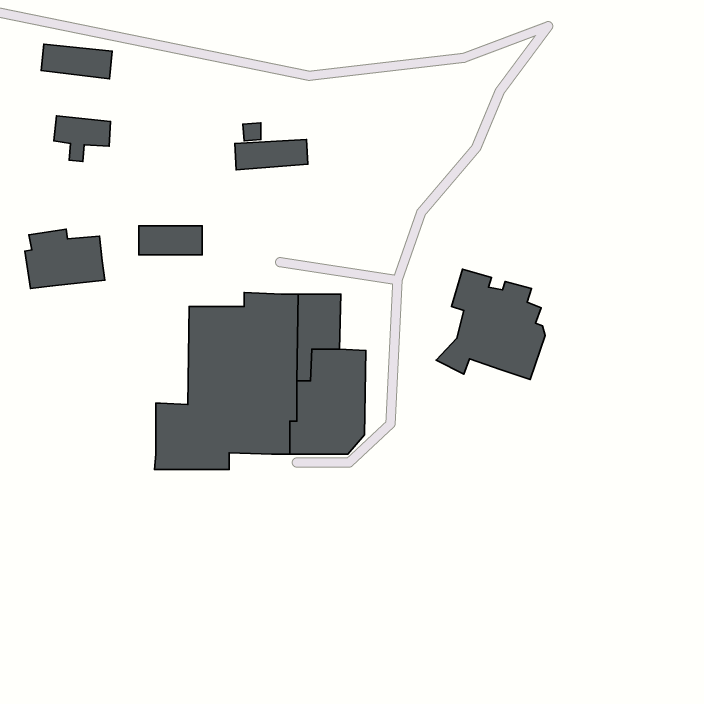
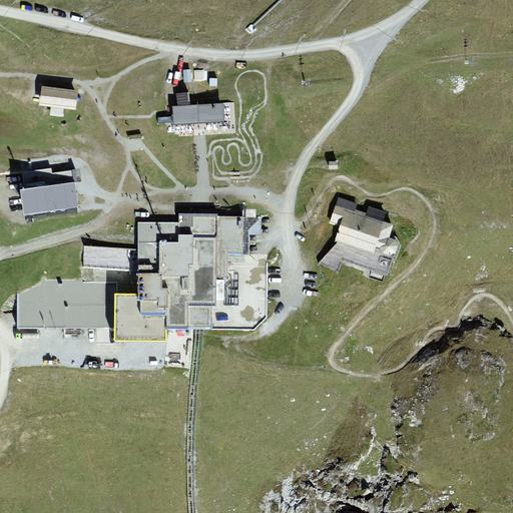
building: [41,44,112,79] -> none
building: [139,226,202,255] -> [83,247,129,269]
building: none -> [16,276,116,331]

